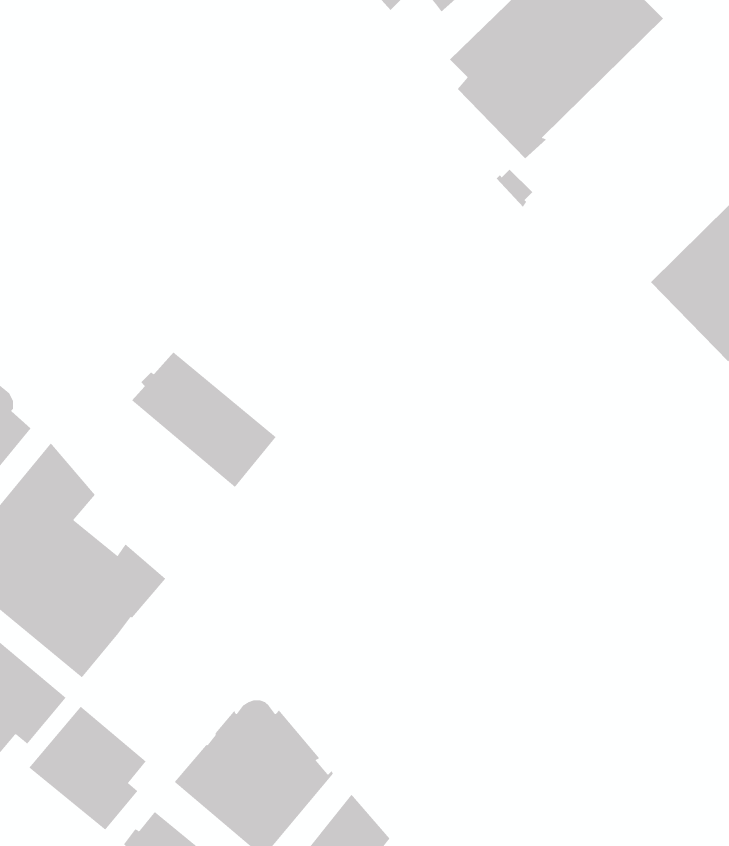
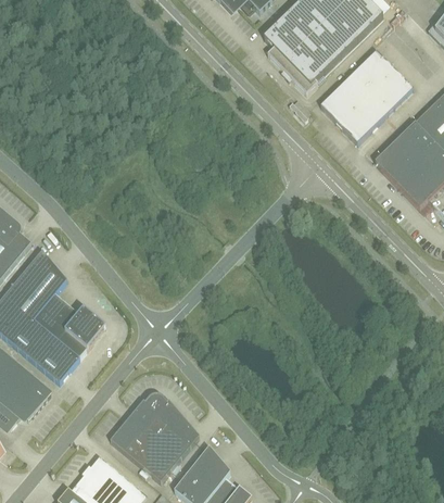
building: none -> [319,50,413,142]
building: [131,352,276,488] -> none
building: [29,706,146,831] -> none

